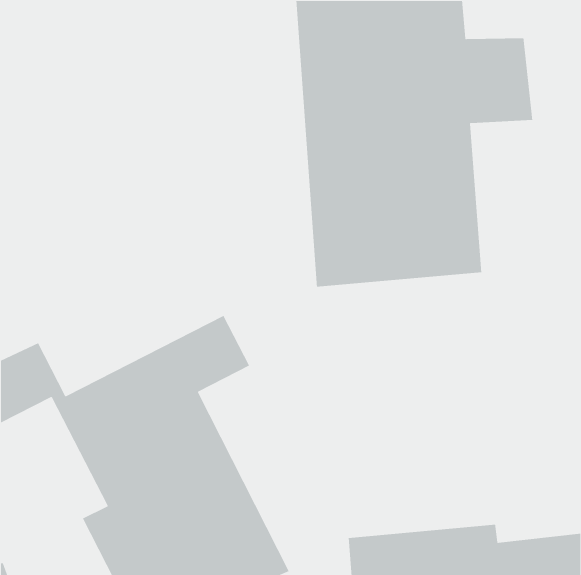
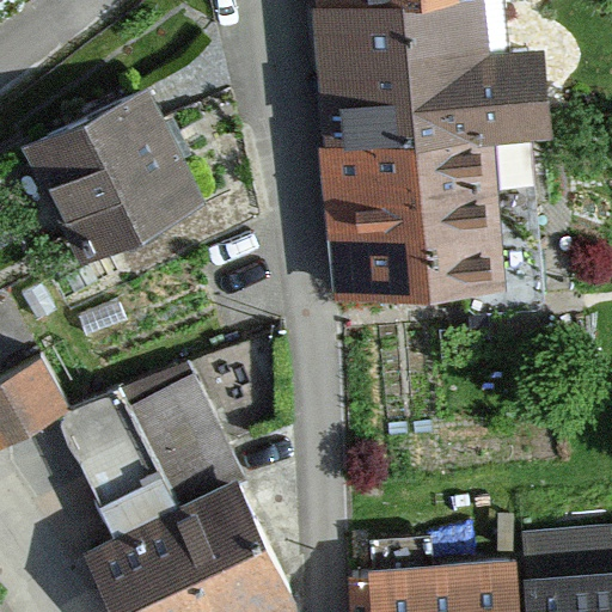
building: none -> [22,86,206,268]

